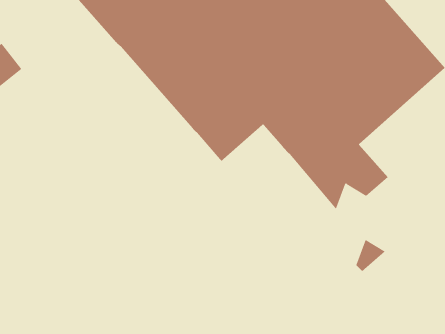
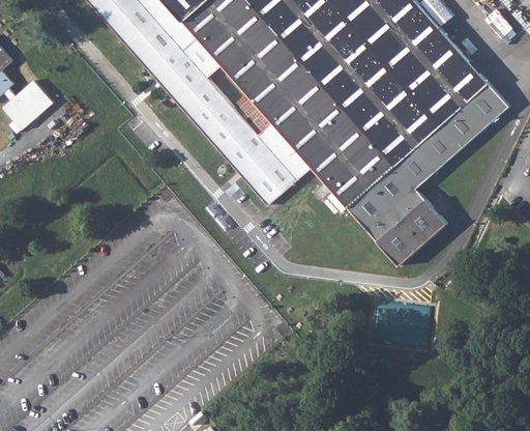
building: [355,239,385,272] -> [391,229,423,264]

